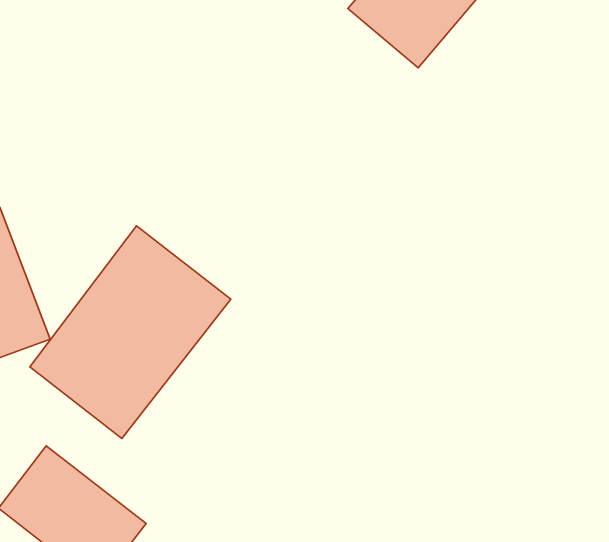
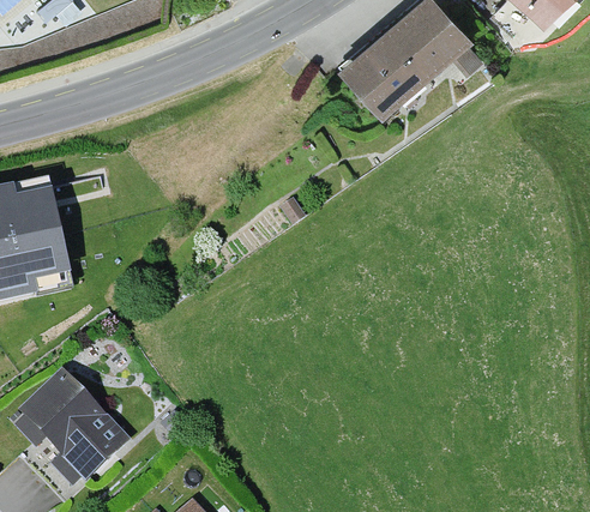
building: [30,226,231,438] -> none

